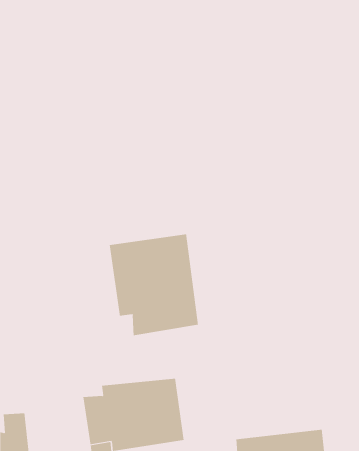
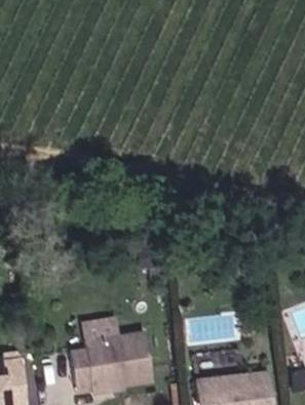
building: [109,234,199,336] -> none

